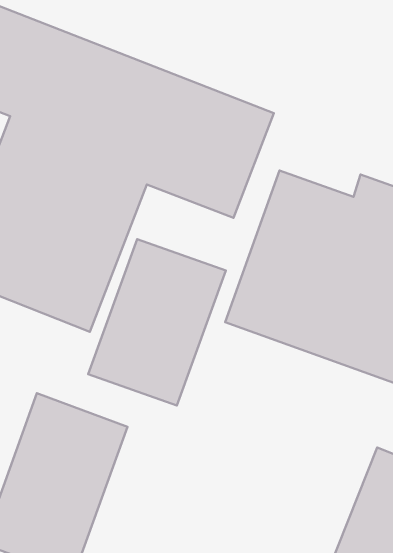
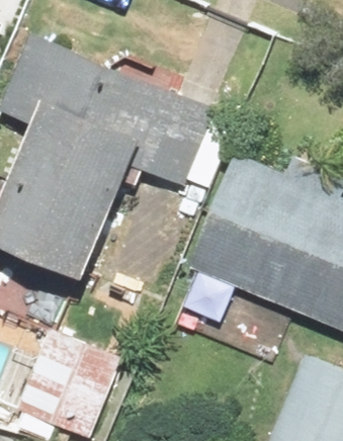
building: [88,239,226,406] -> none

